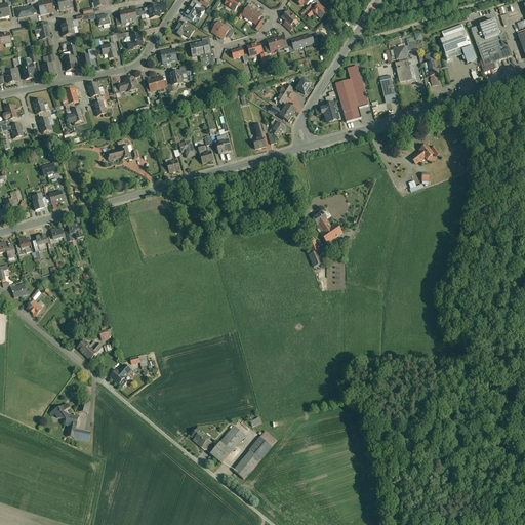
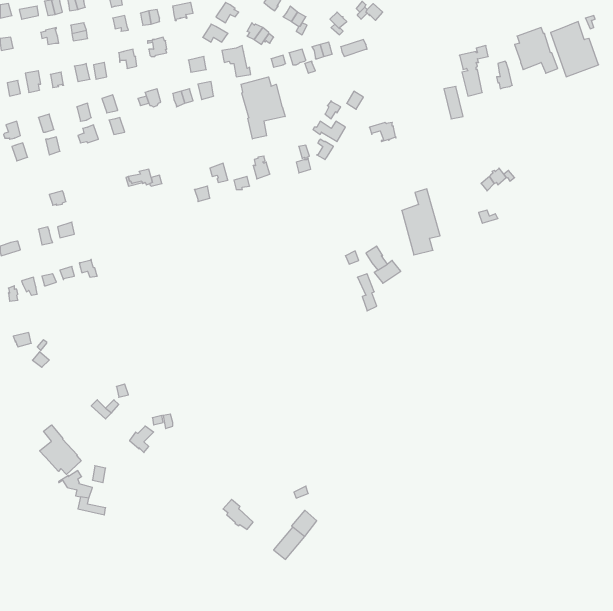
building: [335,65,368,121] -> [402,189,440,255]
building: none -> [241,77,285,139]
building: none -> [40,425,81,474]
building: [210,425,245,463] -> none

